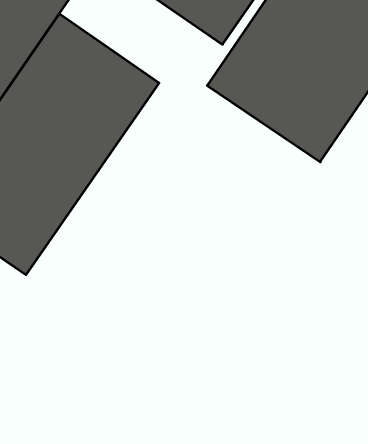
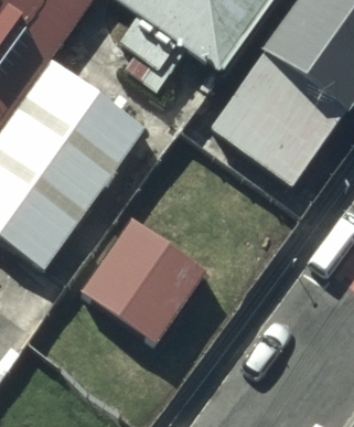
building: none -> [88,224,207,343]

